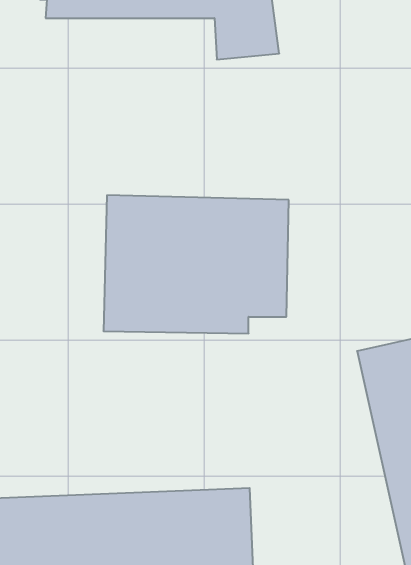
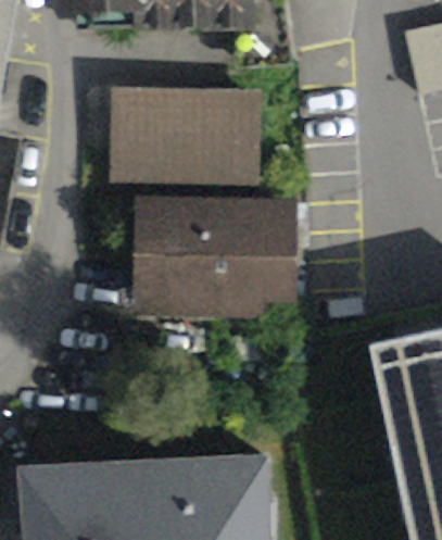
building: none -> [106,85,263,185]

